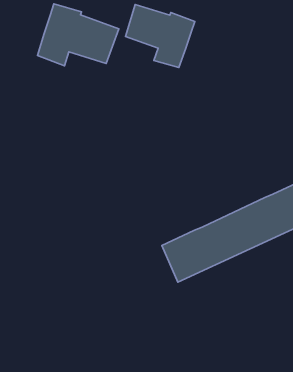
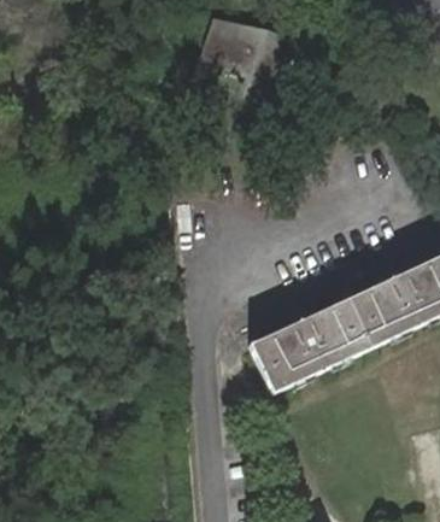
building: [37,4,119,66] -> none

